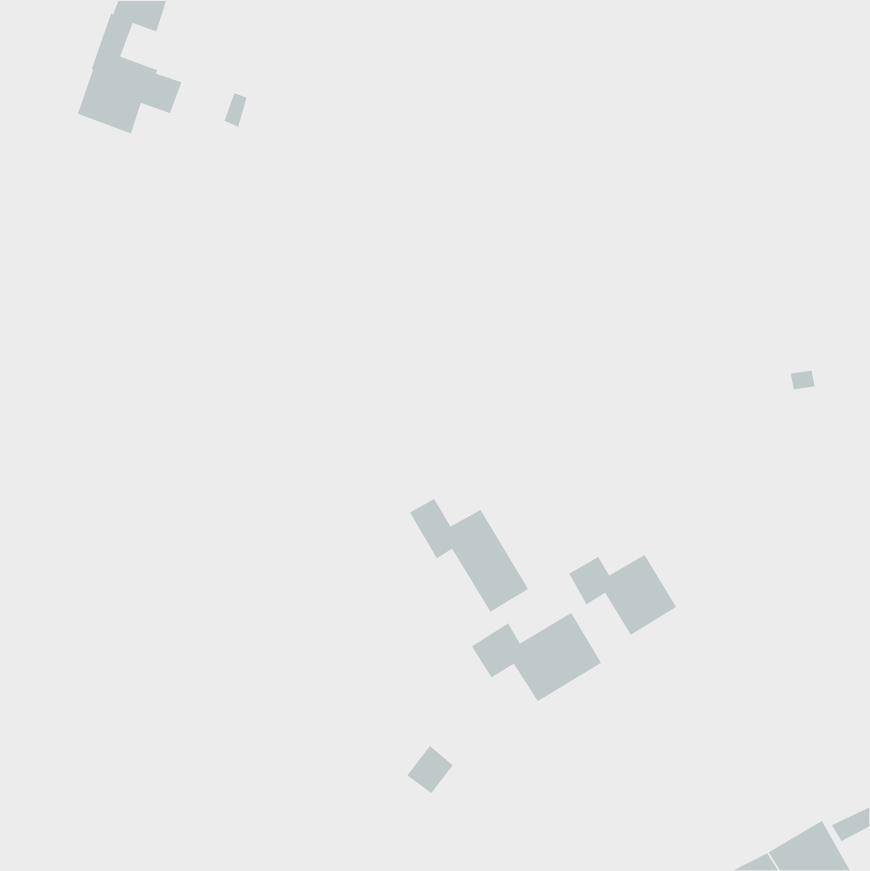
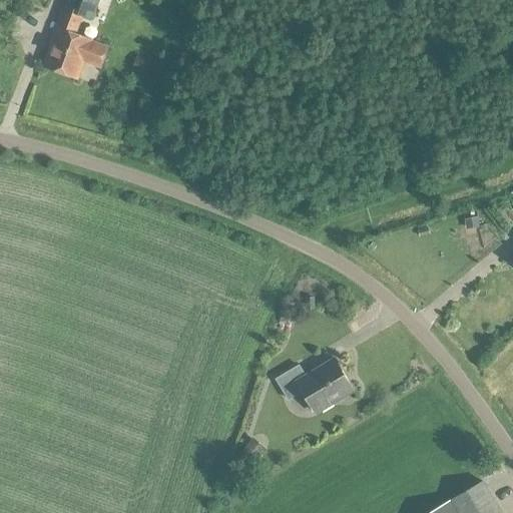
building: [409,498,529,613] -> none
building: [568,554,677,636] -> none

